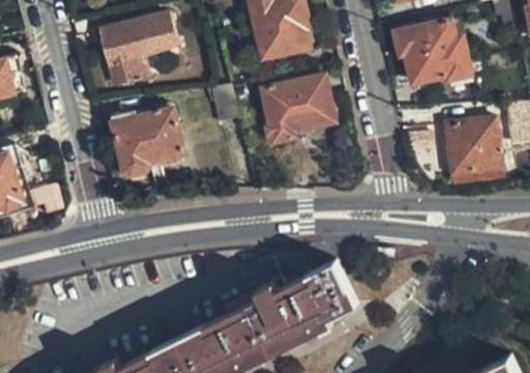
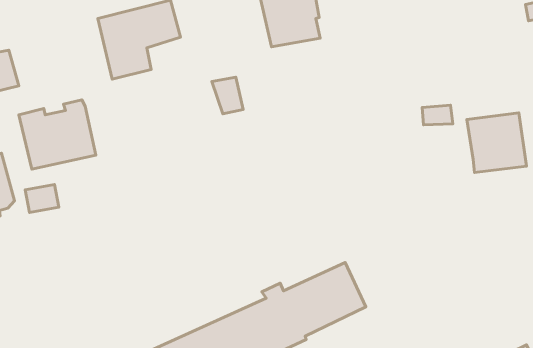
building: [396,23,472,85] -> none
building: [262,75,335,143] -> none
building: [114,106,187,172] -> [19,100,96,169]

